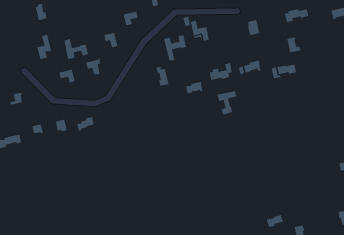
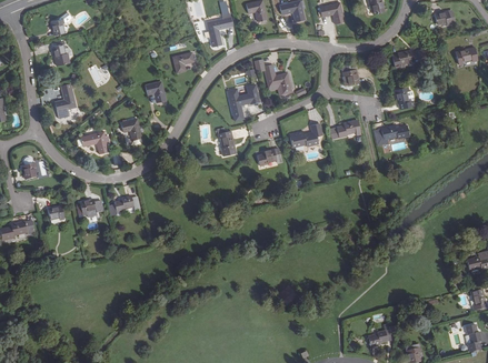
building: [64,38,89,60] -> none
building: [217,91,237,115] -> none

